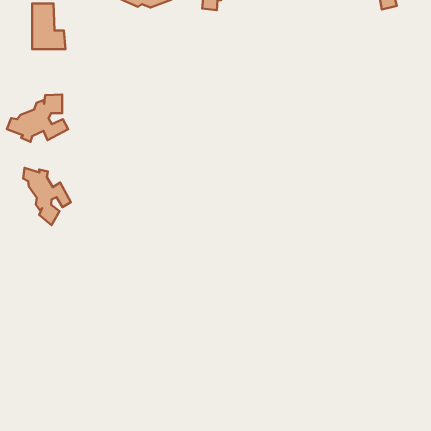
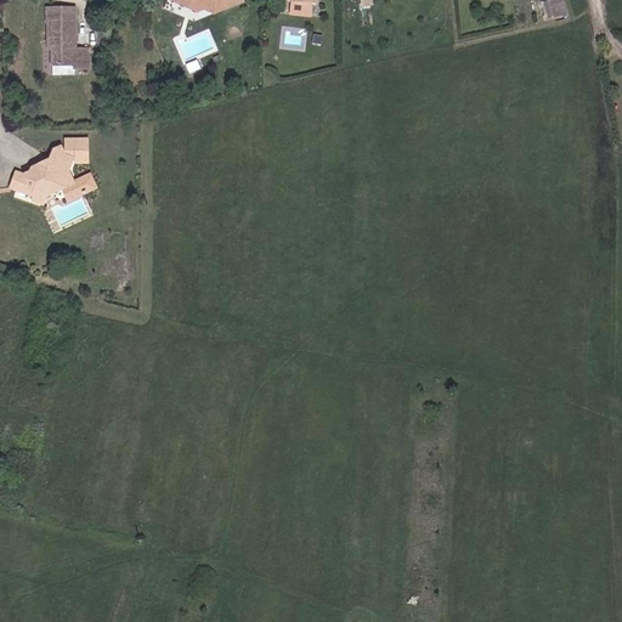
building: [23,168,71,225] -> none

